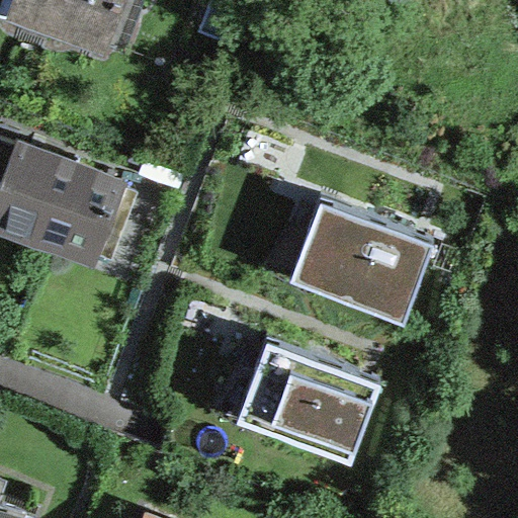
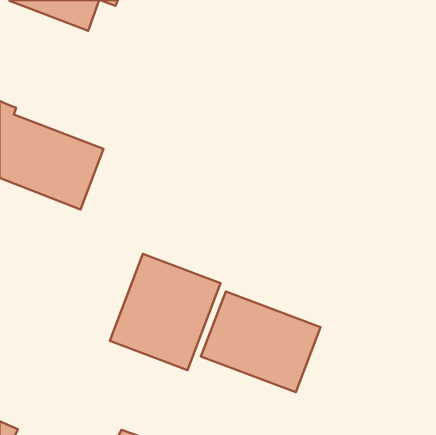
building: [289,206,432,327] -> none
building: none -> [110,254,221,370]

